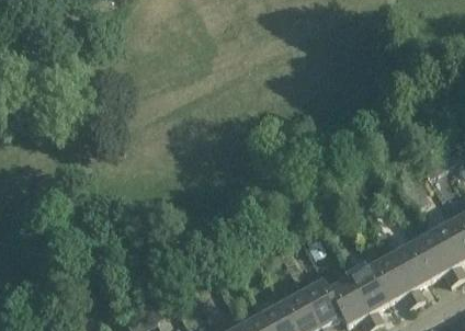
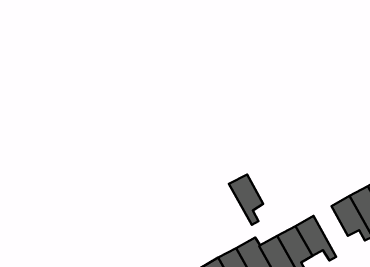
building: [392,242,431,300] -> [229,174,263,225]

